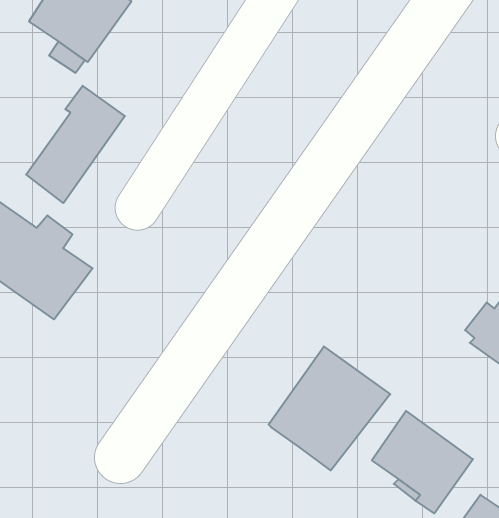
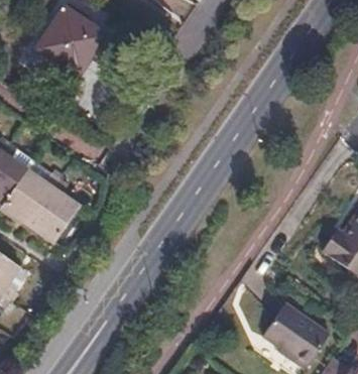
building: [26,86,125,203] -> none
building: [269,346,390,470] -> none

